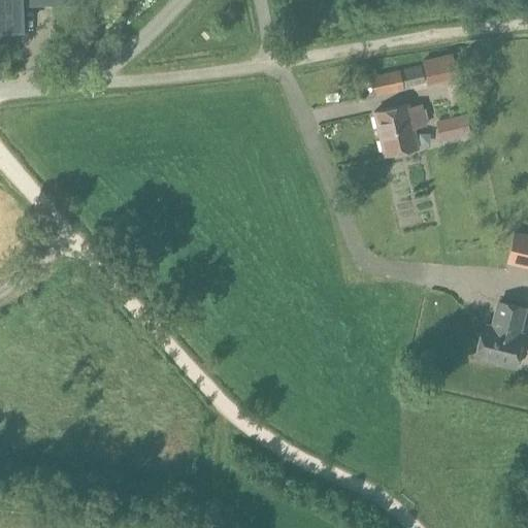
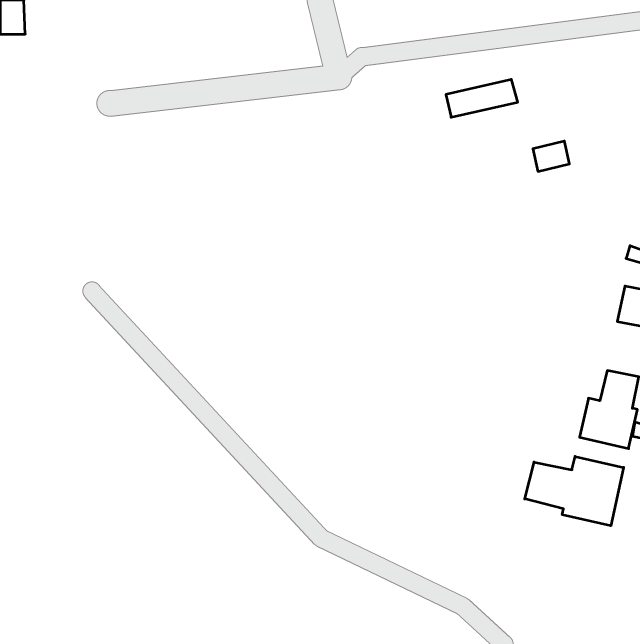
building: [426,56,453,87] -> none
building: [376,104,427,155] -> none
building: none -> [525,456,624,526]

